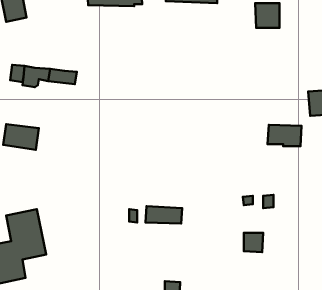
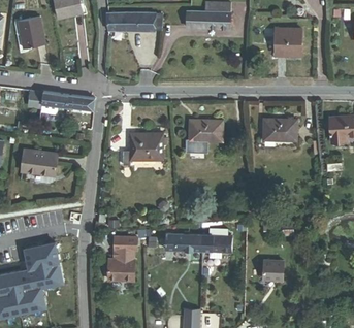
building: none -> [186,120,222,153]
building: none -> [123,134,162,165]
building: [268,125,301,146] -> [262,119,296,140]
building: none -> [200,230,231,258]
building: none -> [108,236,136,280]

